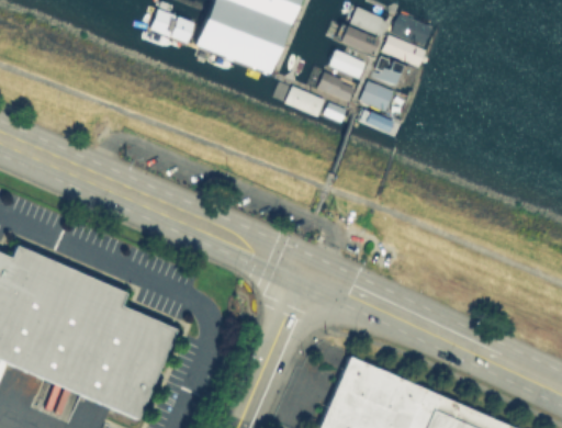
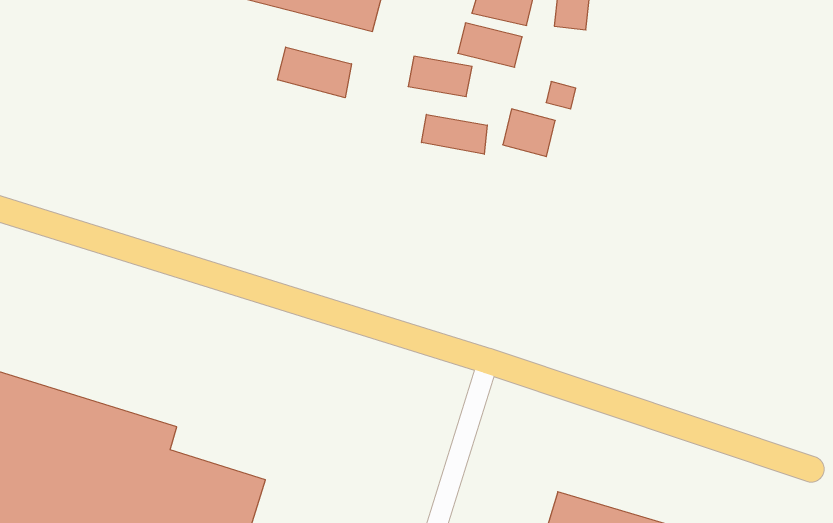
building: none -> [278,47,351,98]
building: [362,81,395,112] -> [503,109,555,157]
building: none -> [422,114,487,154]

